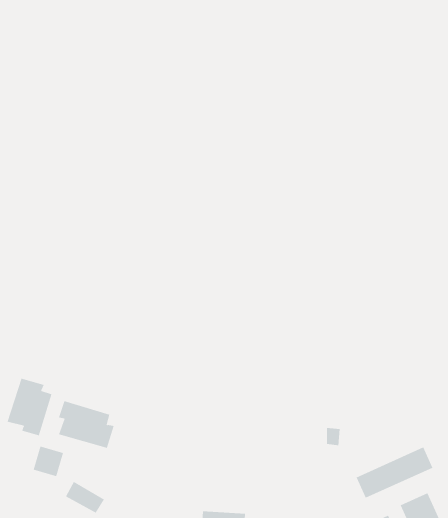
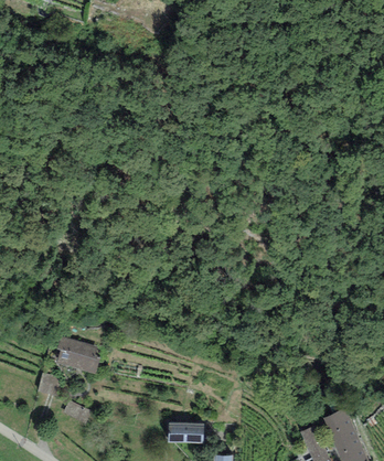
building: [7,378,52,436] -> none
building: [356,447,433,499] -> none

